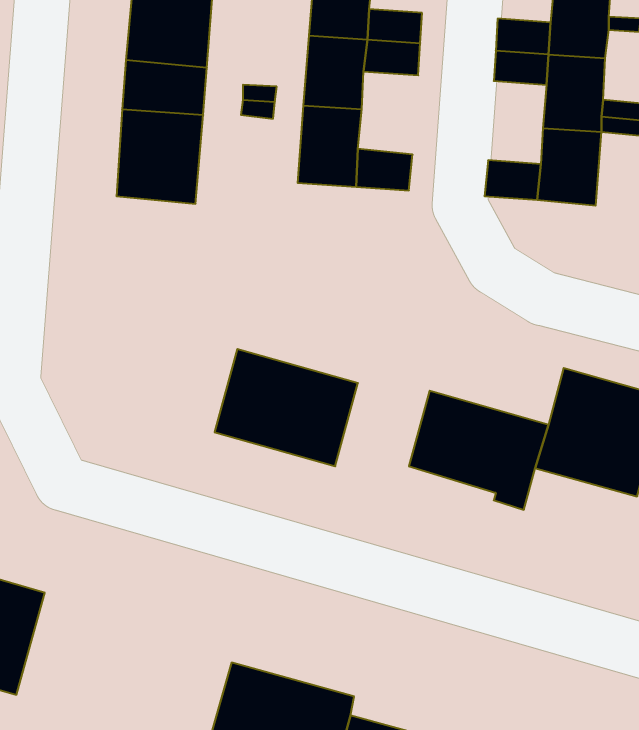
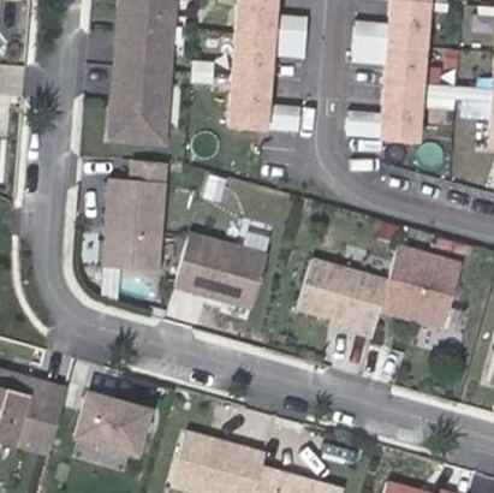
building: none -> [102,160,172,273]
building: none -> [76,393,148,453]

